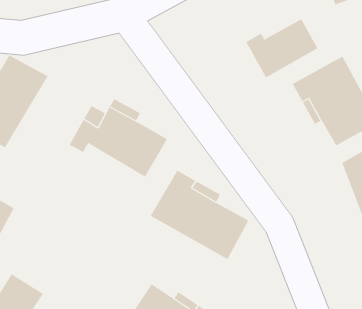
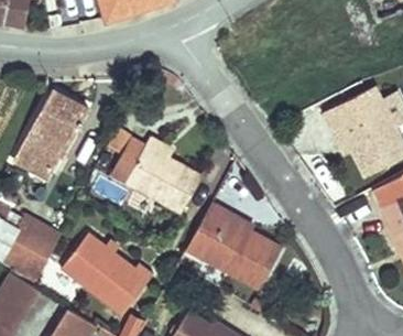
building: [246,18,318,78] -> none
building: none -> [66,221,160,306]

